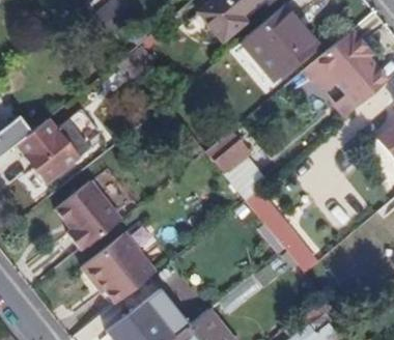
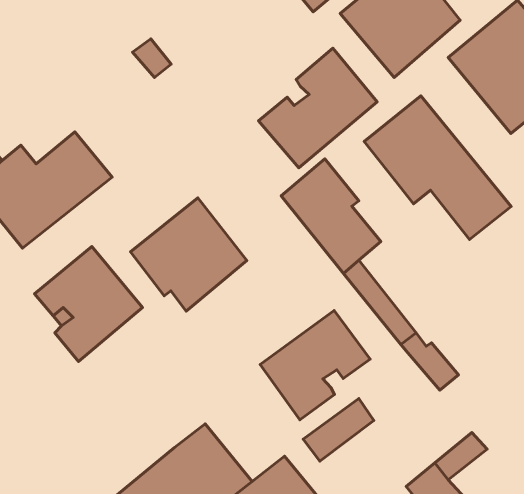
building: none -> [259,48,377,168]
building: none -> [364,96,511,240]
building: none -> [260,311,370,420]
building: [83,233,154,303] -> [130,198,247,311]

